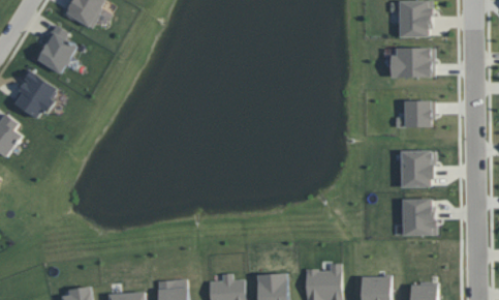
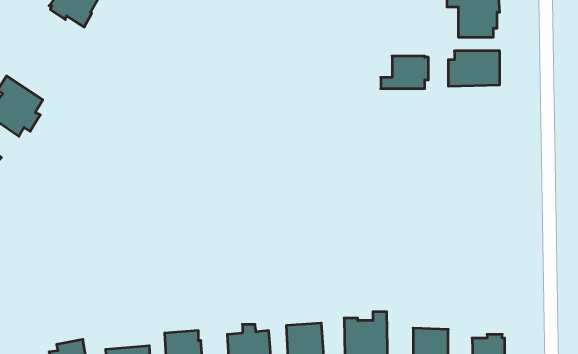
building: [33,25,76,72] -> none
building: [395,99,434,126] -> [381,56,428,89]
building: [400,150,435,186] -> none
building: [402,199,436,235] -> none

